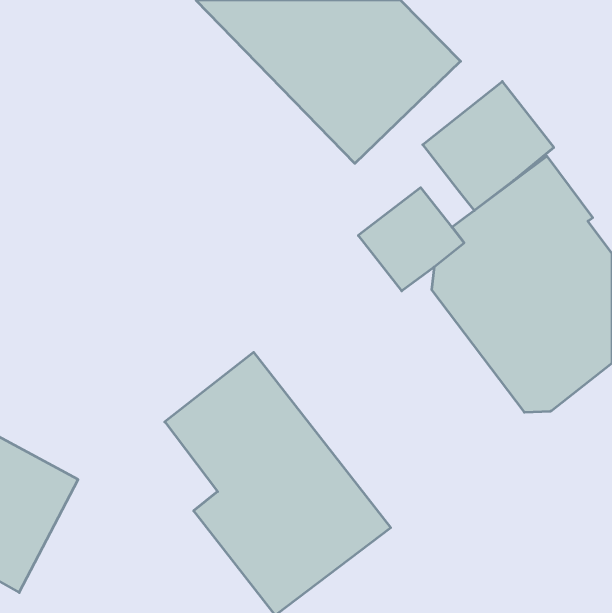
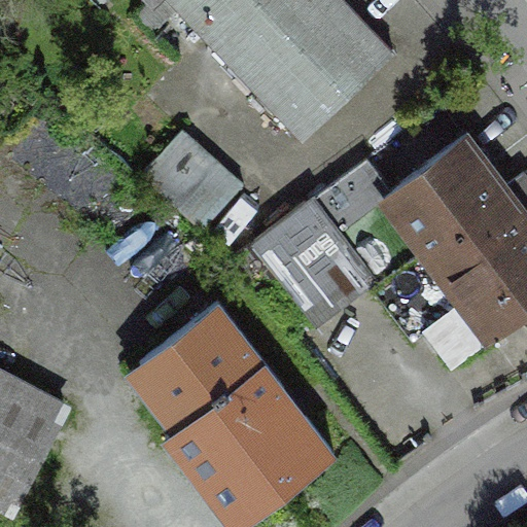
building: [423,81,554,211] -> none
building: none -> [142,132,244,232]
building: none -> [257,203,360,310]

